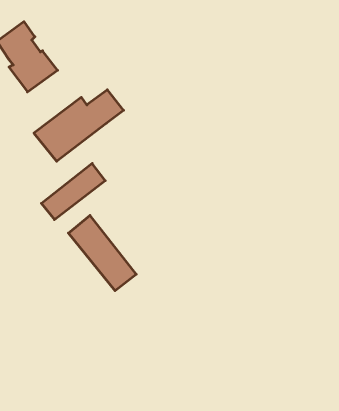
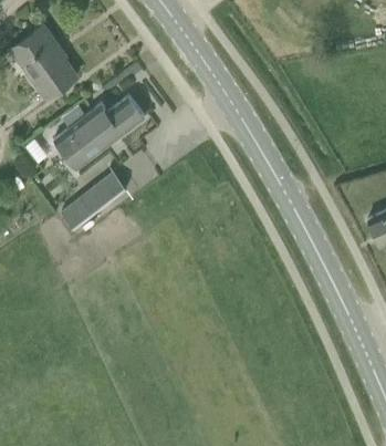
building: [68,215,136,291] -> none

